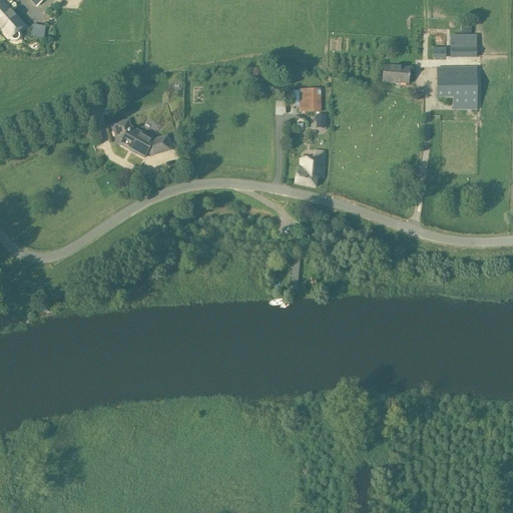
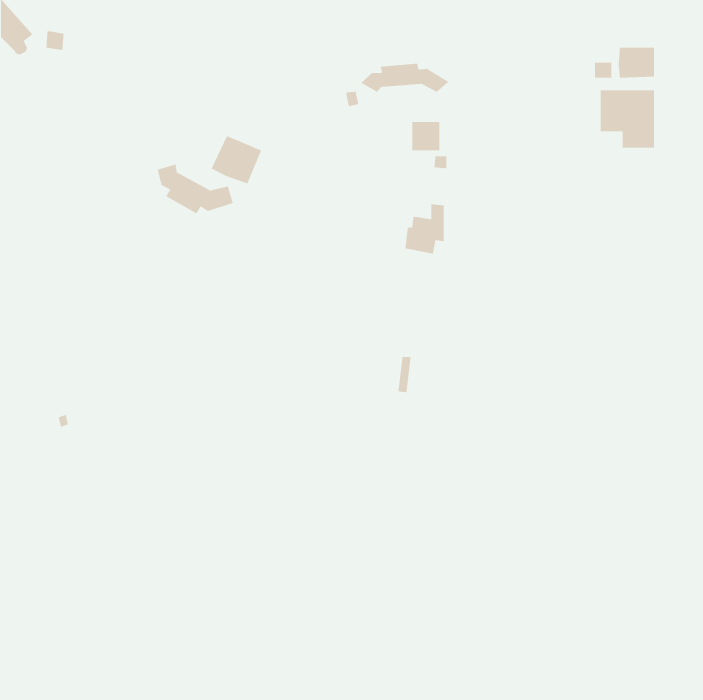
building: none -> [361,63,450,93]
building: [382,64,410,82] -> none
building: none -> [210,135,262,184]

